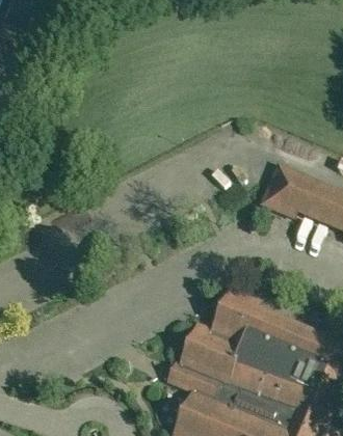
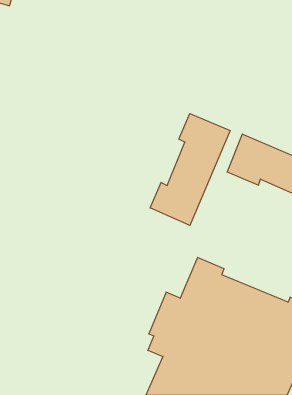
building: none -> [150,114,230,225]

